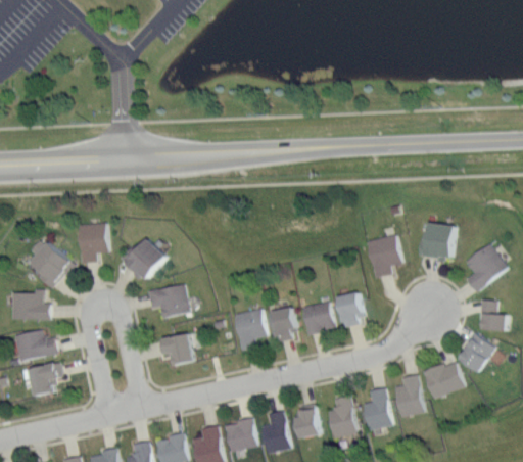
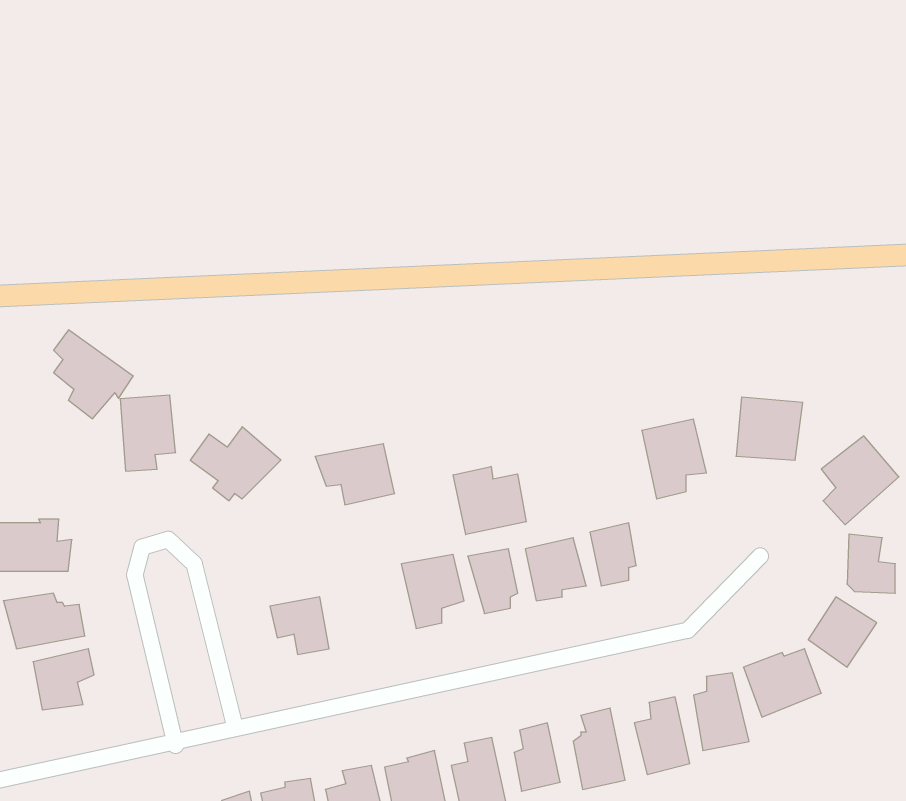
building: [31,239,75,288] -> [54,330,133,419]
building: none -> [453,466,526,535]
building: [145,284,189,318] -> [315,444,395,505]

